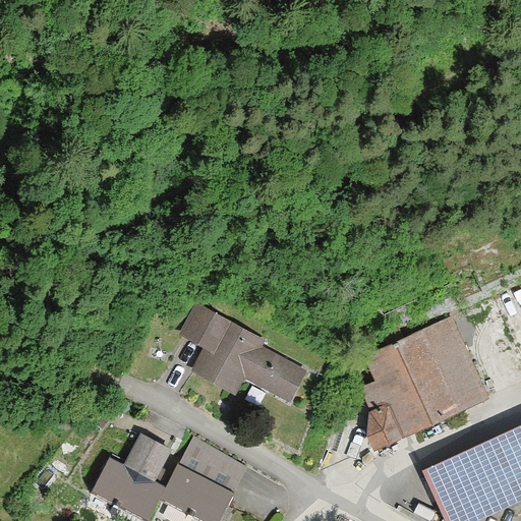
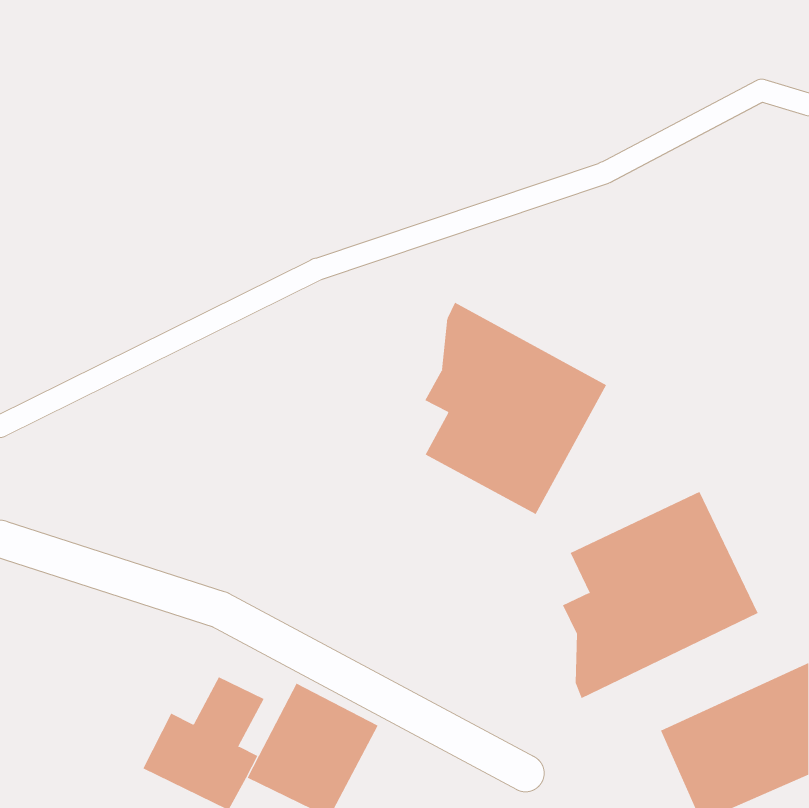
building: none -> [425,302,607,515]
building: [179,304,307,402] -> none

